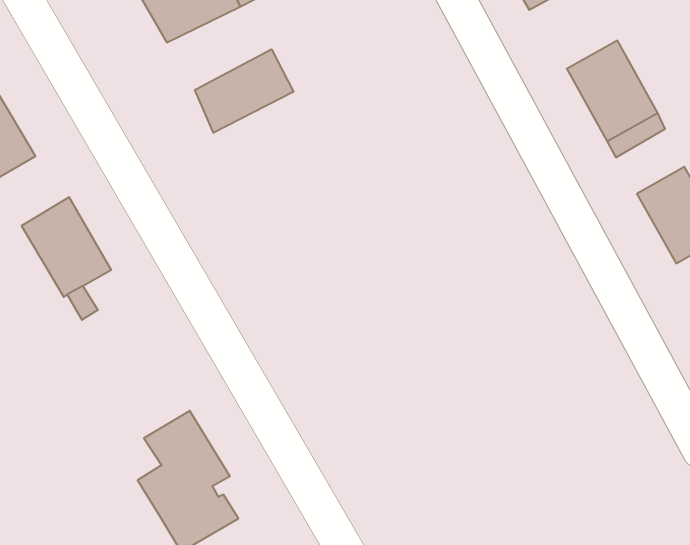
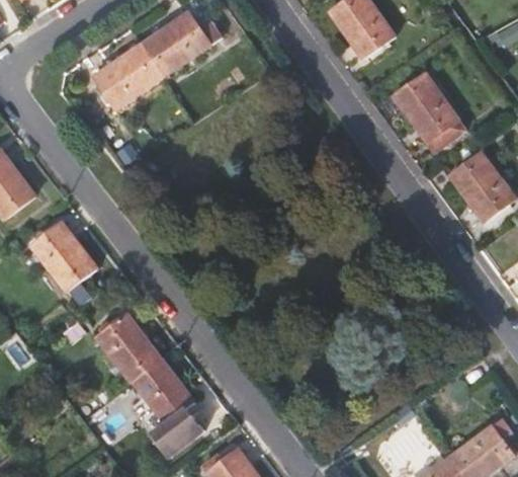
building: [195,49,293,133] -> none
building: none -> [97,313,162,381]

